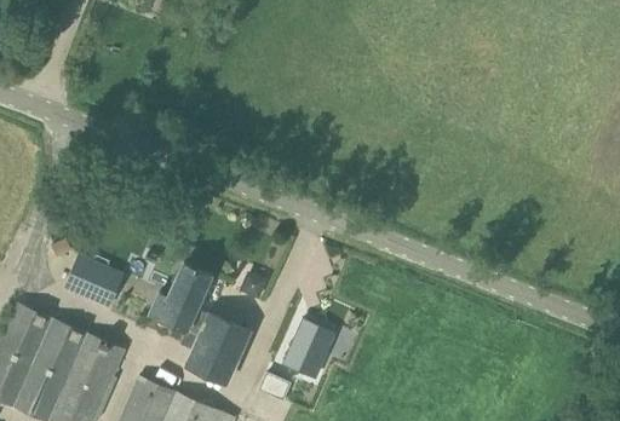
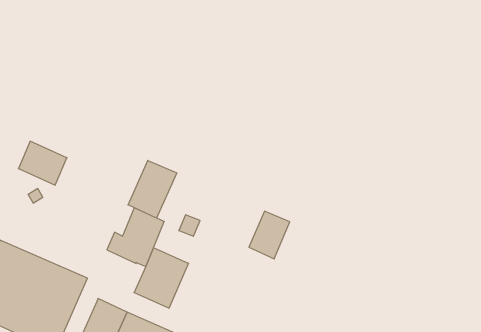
building: none -> [128,160,177,218]
building: [63,253,124,307] -> [18,141,67,185]
building: [282,318,333,377] -> [249,211,290,259]

